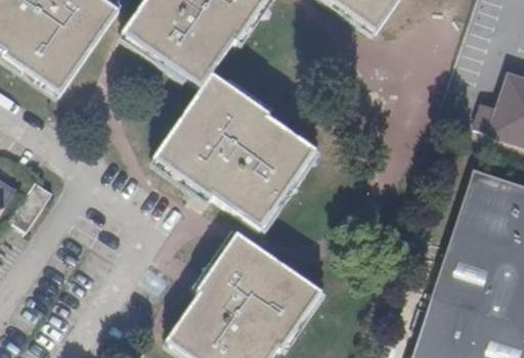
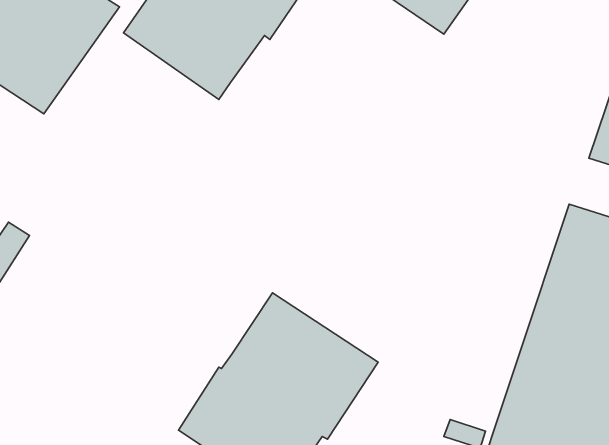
building: [148,72,313,226] -> none

